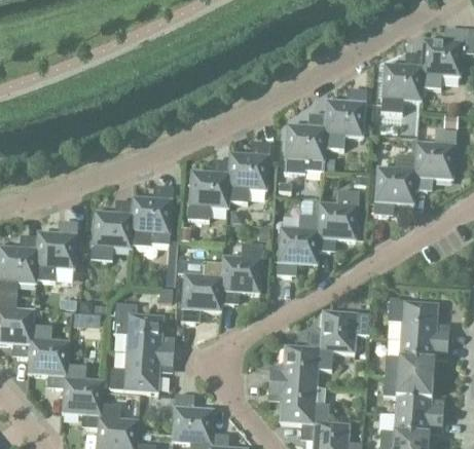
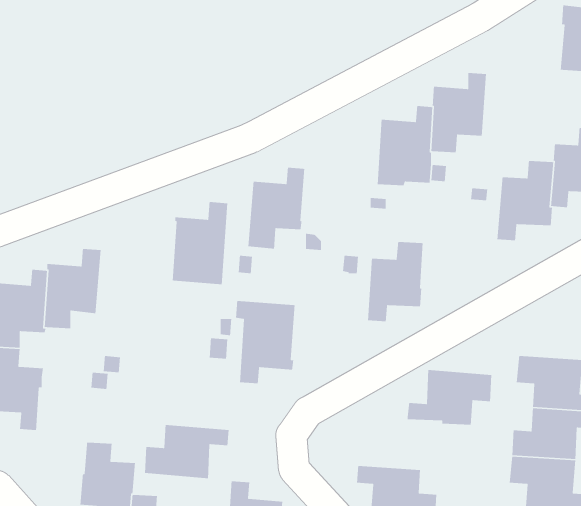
building: [380,52,424,113] -> none
building: [227,142,270,201] -> none
building: [317,190,359,251] -> none
building: [92,200,134,261] -> none
building: [220,242,263,304] -> none
building: [113,303,174,356] -> none
building: [28,325,69,388] -> none
building: [269,345,332,385] -> none

